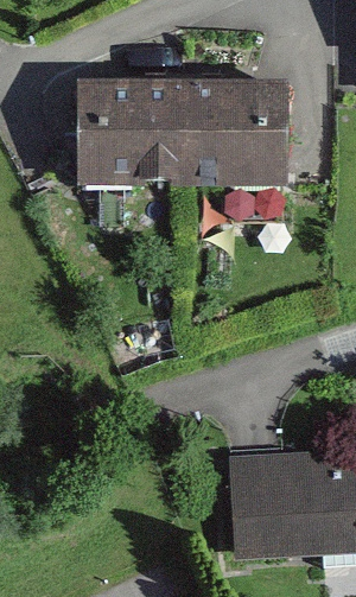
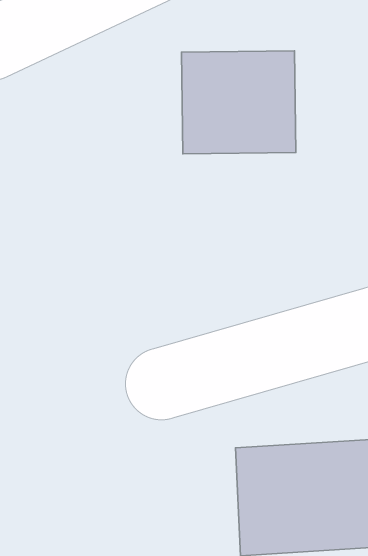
building: [71,82,179,179] -> none

